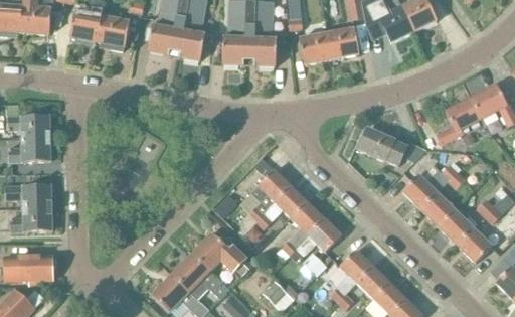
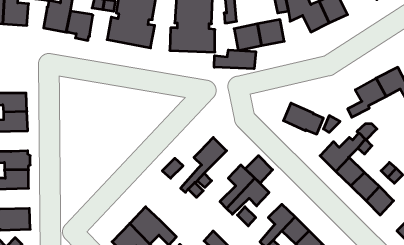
building: none -> [214,50,256,69]
building: [274,185,307,218] -> [245,156,273,183]
building: [192,232,252,279] -> none

